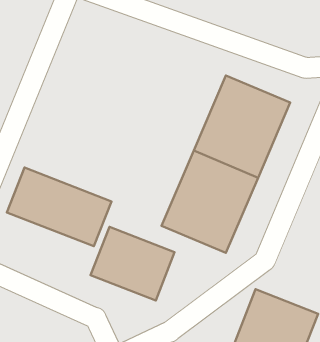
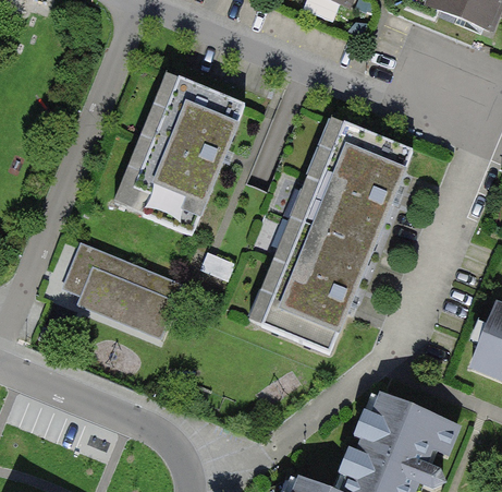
building: none -> [108,73,244,238]
building: [91,227,175,301] -> none

